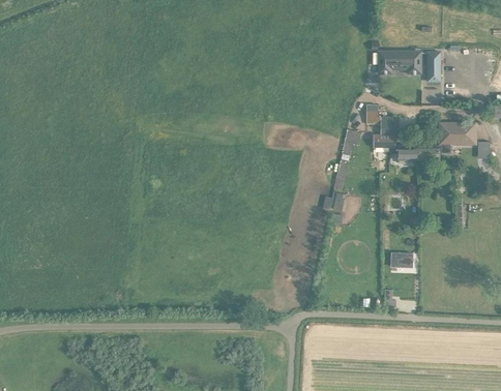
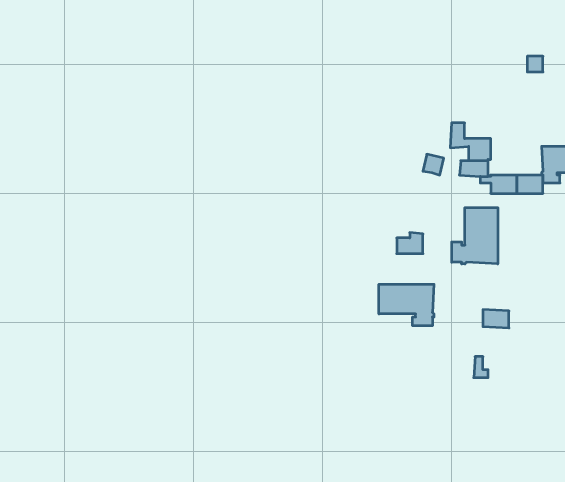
building: [379,52,420,72] -> none
building: none -> [452,208,498,264]
building: none -> [379,284,434,326]

